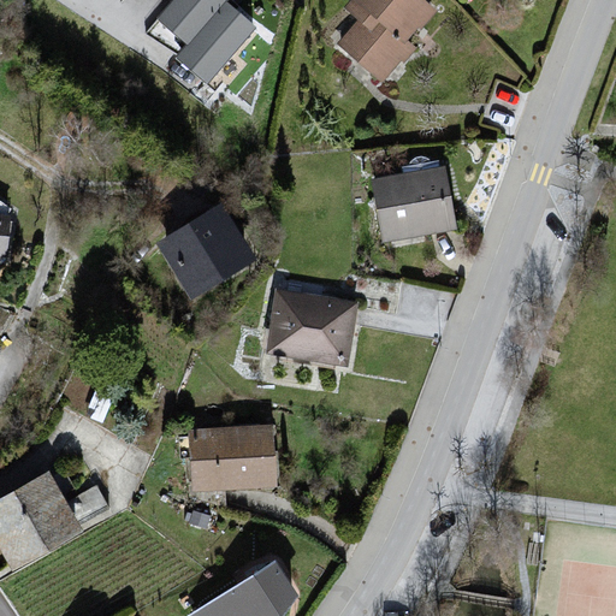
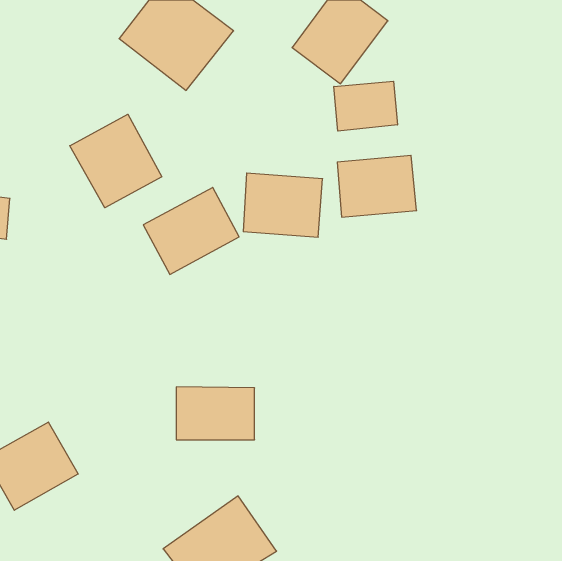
building: none -> [334,81,397,131]
building: none -> [70,114,162,208]
building: [276,285,362,355] -> [243,173,323,237]

